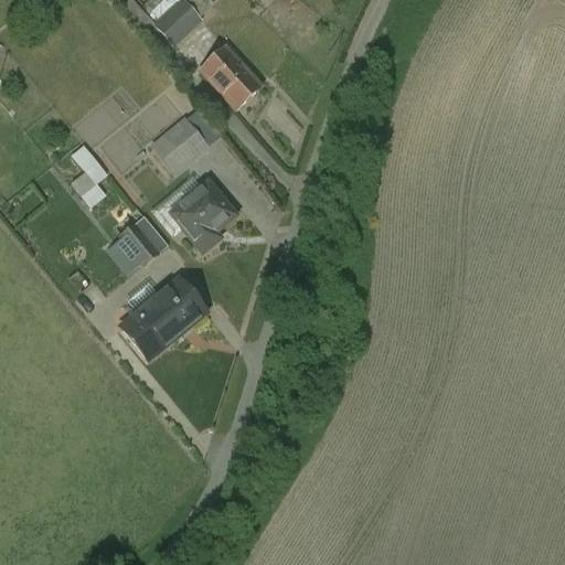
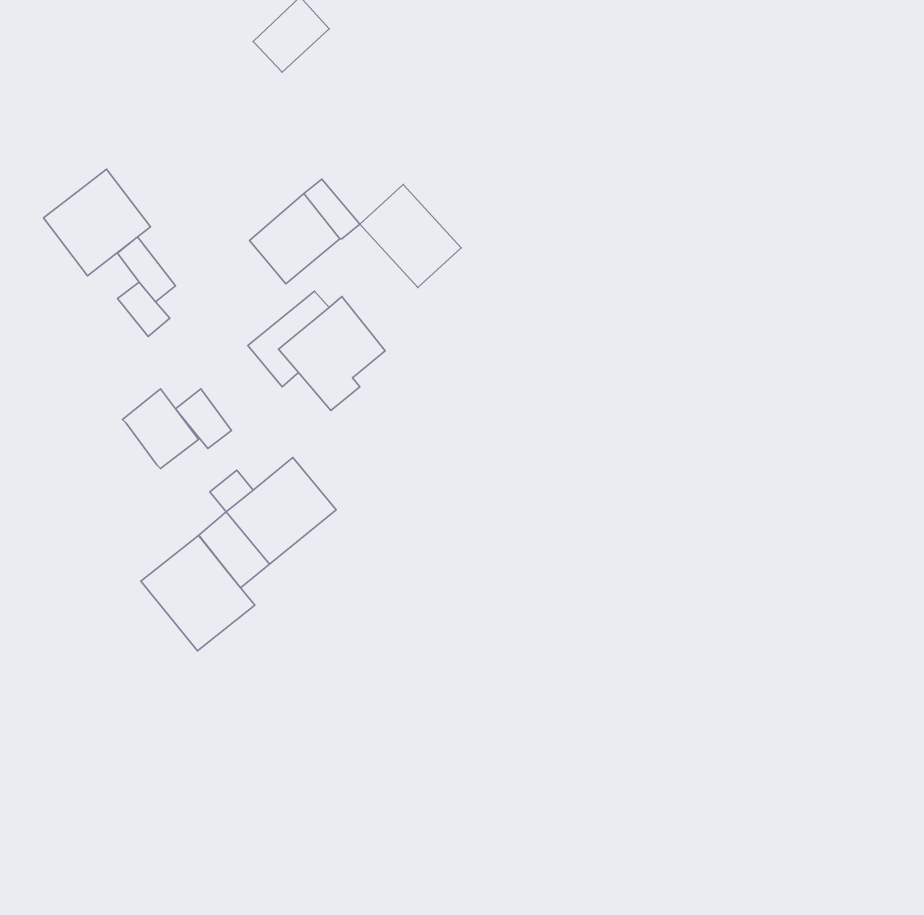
building: [200,45,262,108] -> [360,184,461,288]
building: none -> [43,169,150,276]
building: [120,216,167,265] -> [123,389,199,468]
building: none -> [141,535,255,651]

